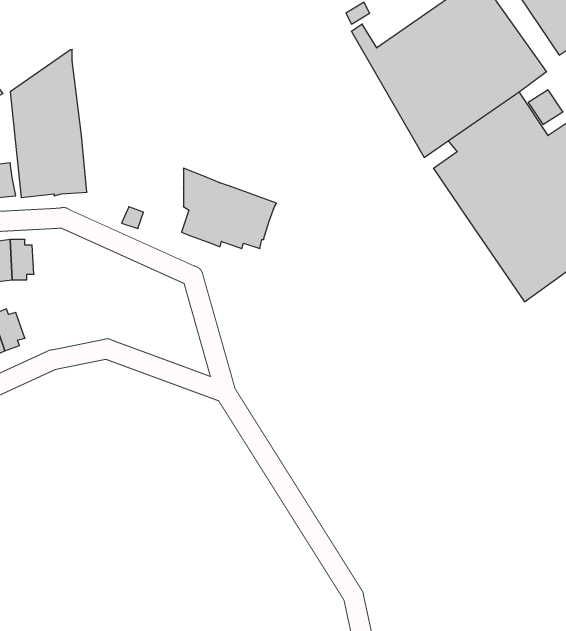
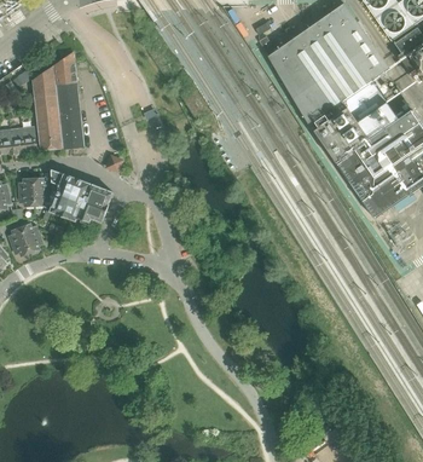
building: [182,168,276,249] -> [48,168,111,221]

